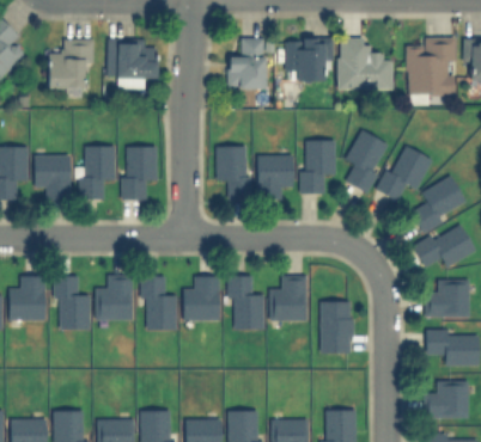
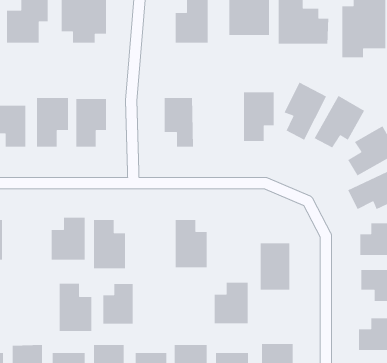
building: [258,156,293,199] -> none
building: [270,276,308,321] -> [214,282,248,324]
building: [55,277,91,330] -> [59,283,92,332]
building: [185,277,219,321] -> [102,283,134,325]

